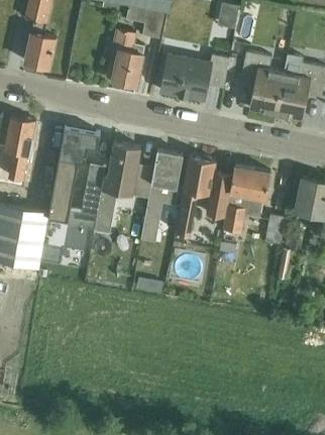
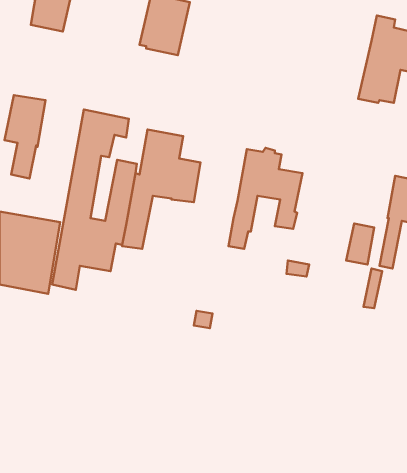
building: [239,53,284,119] -> none
building: [159,57,229,102] -> none
building: [141,150,183,242] -> none
building: [223,166,270,233] -> none

